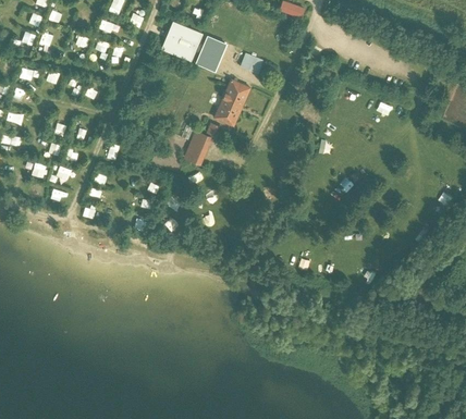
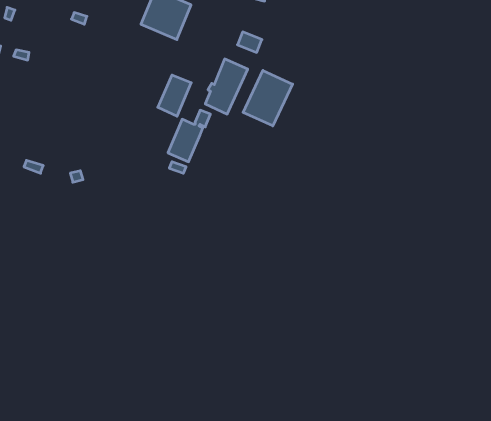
building: [196,37,224,72] -> [158,75,191,116]
building: none -> [243,70,293,126]

